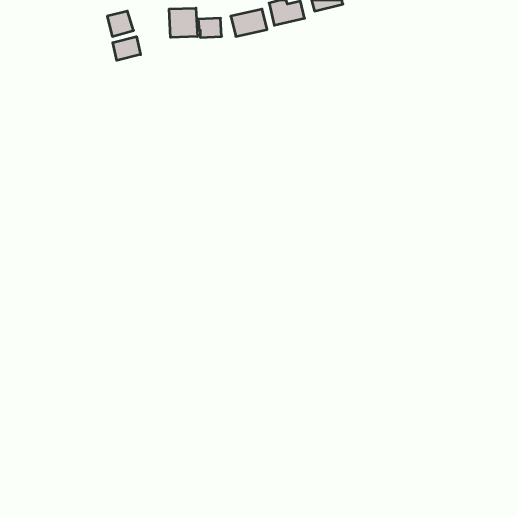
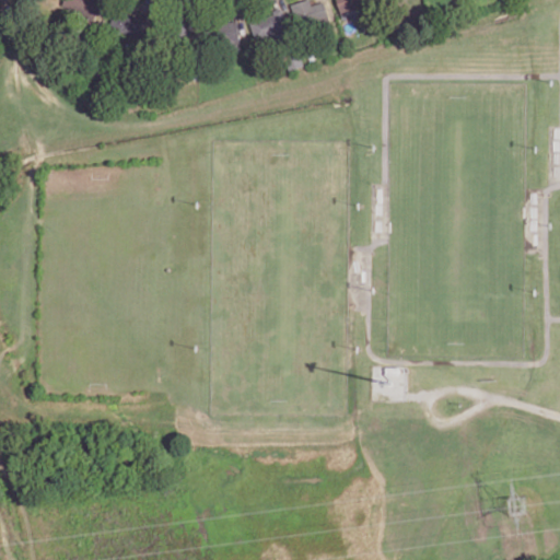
building: [169,8,197,37] -> none
building: [113,37,141,60] -> none

